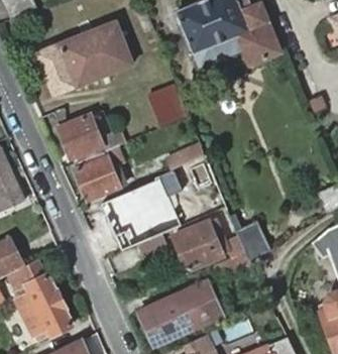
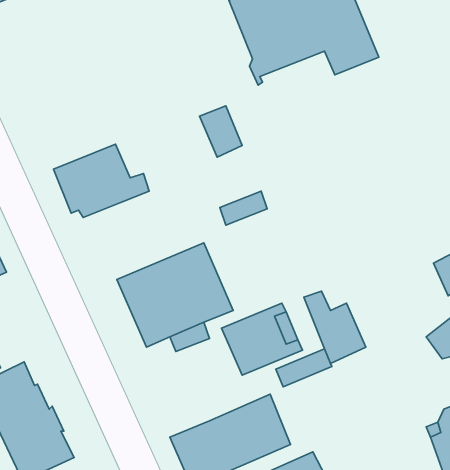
building: [36,21,132,96] -> none
building: [75,151,123,201] -> none

